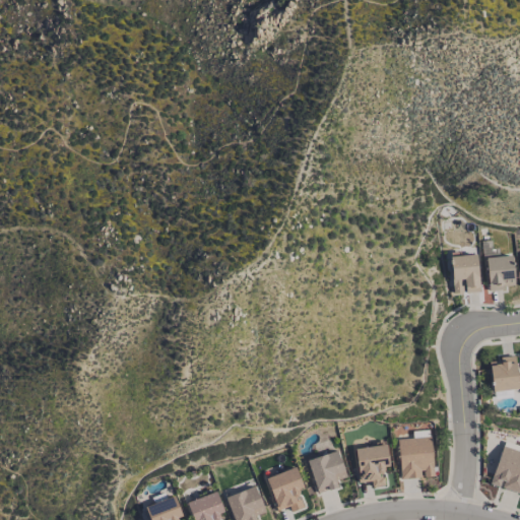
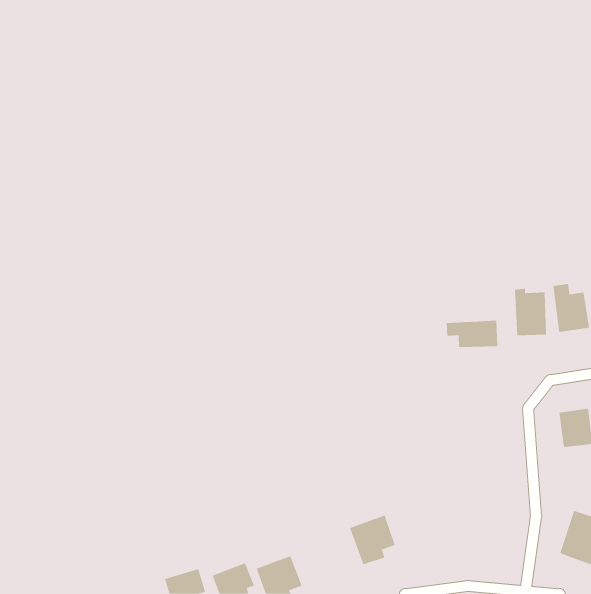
building: none -> [446,320,498,348]
building: [400,437,435,478] -> none
building: [356,444,391,488] -> none
building: [267,467,307,512] -> none

